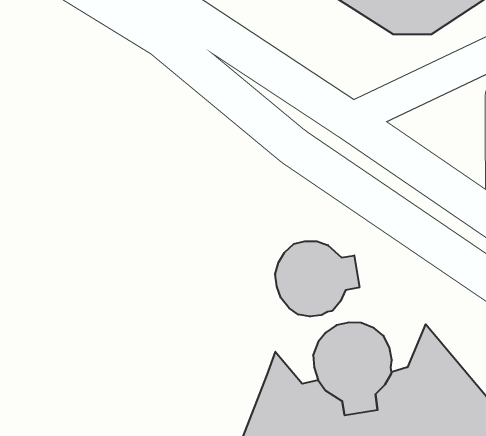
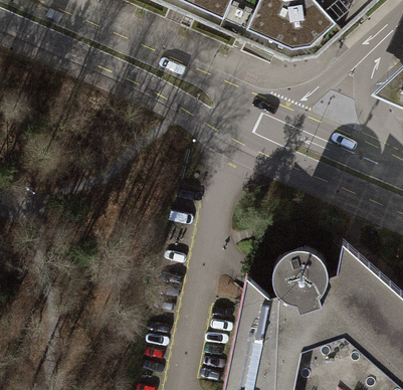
building: [275,241,359,317] -> none

